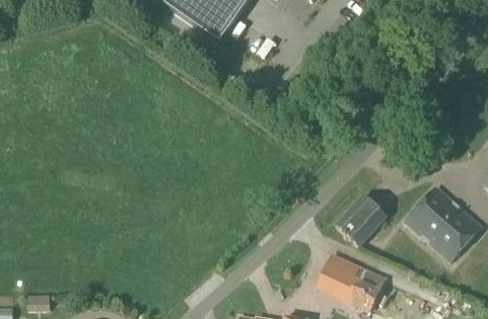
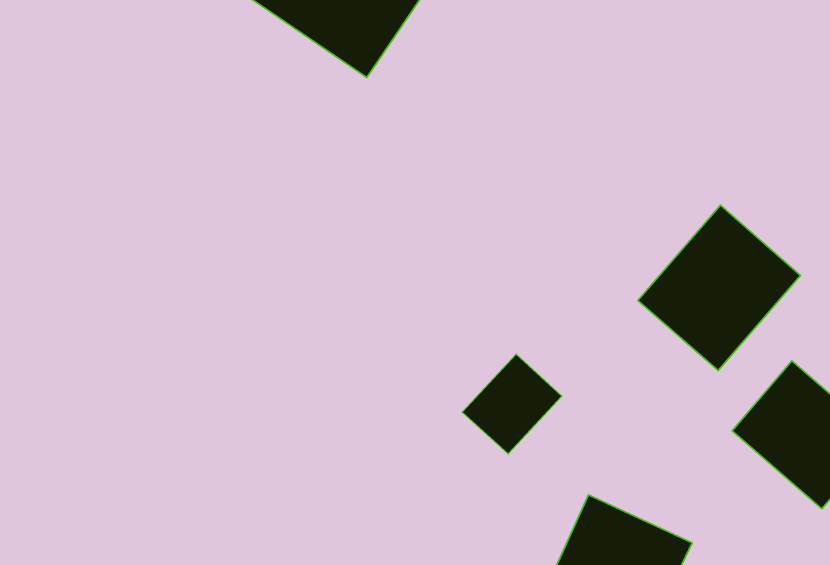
building: none -> [638,205,800,371]
building: [335,194,386,245] -> [462,354,562,454]

